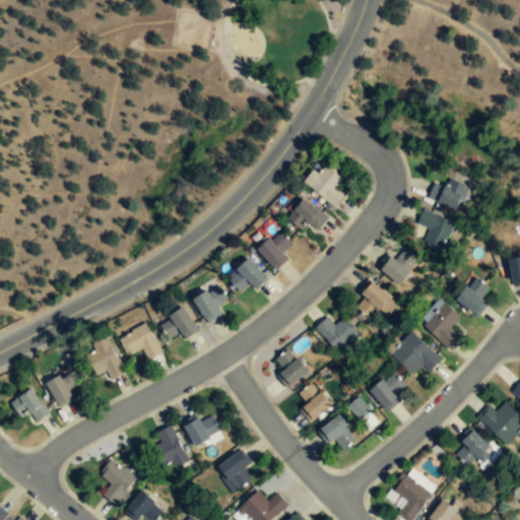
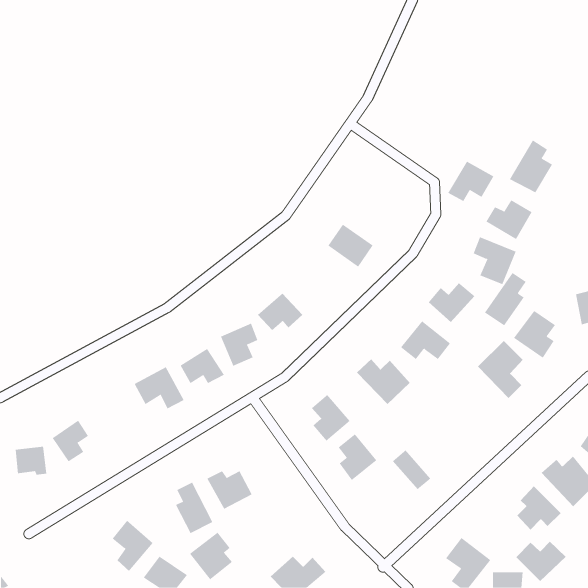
building: none -> [509,140,553,193]
building: none -> [447,161,494,202]
building: [304,165,346,208] -> none
building: [258,231,292,270] -> none
building: none -> [484,272,526,326]
building: [389,329,443,376] -> none
building: [85,336,125,379] -> none
building: [370,372,406,408] -> none
building: [318,414,359,450] -> none
building: [214,449,253,492] -> [189,532,233,580]
building: none -> [516,541,566,582]

